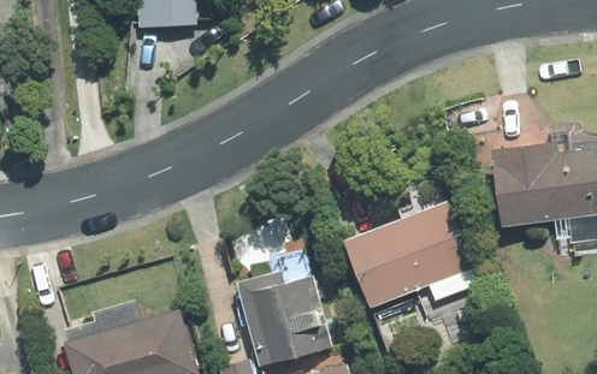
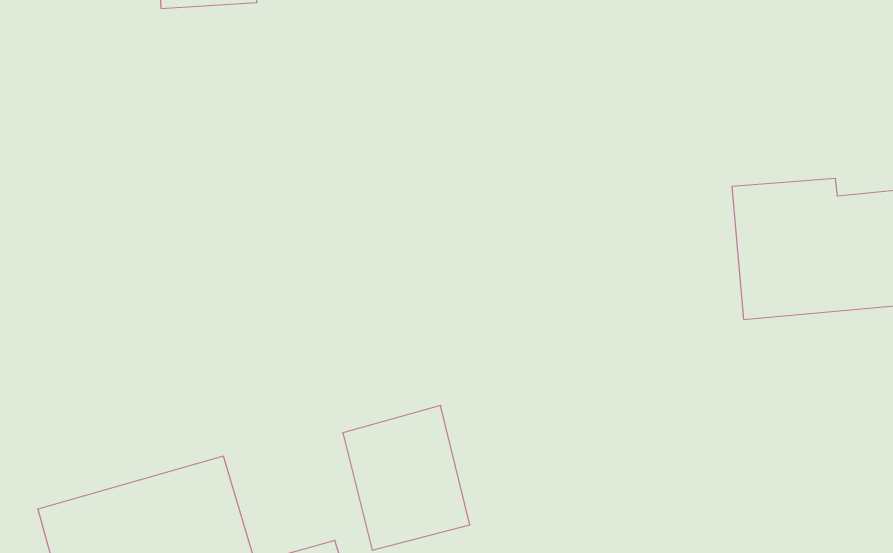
building: [342,198,475,304] -> none

